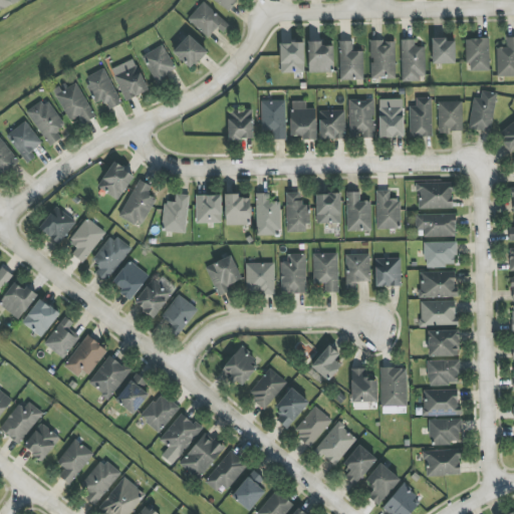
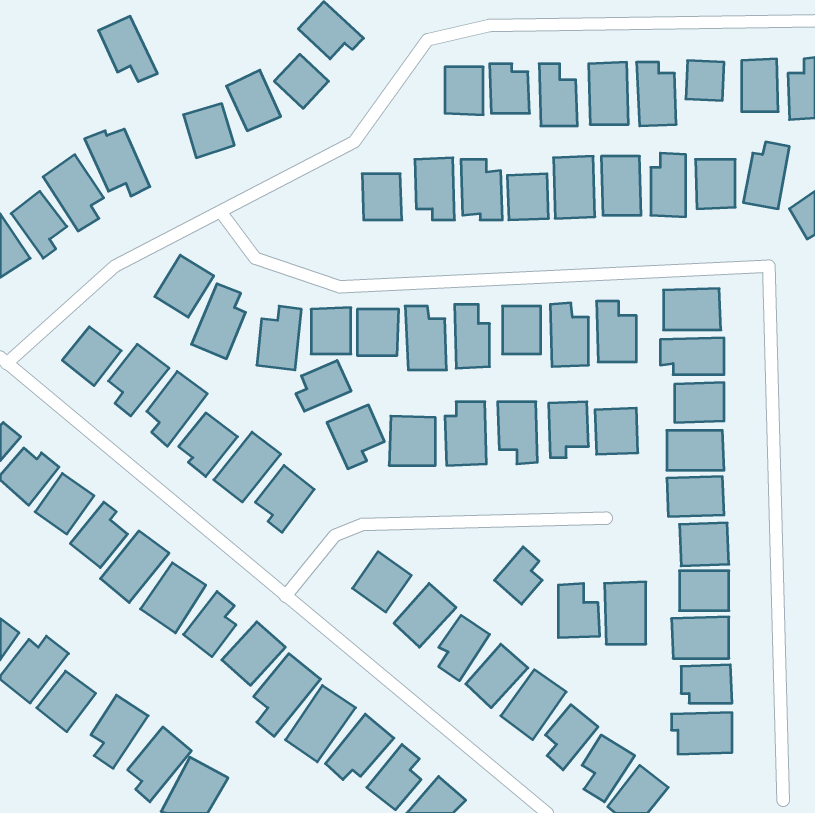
building: [84,67,121,108] -> [98,16,157,82]
building: none -> [296,360,351,411]

